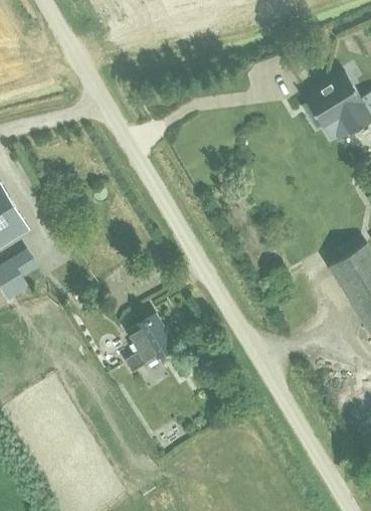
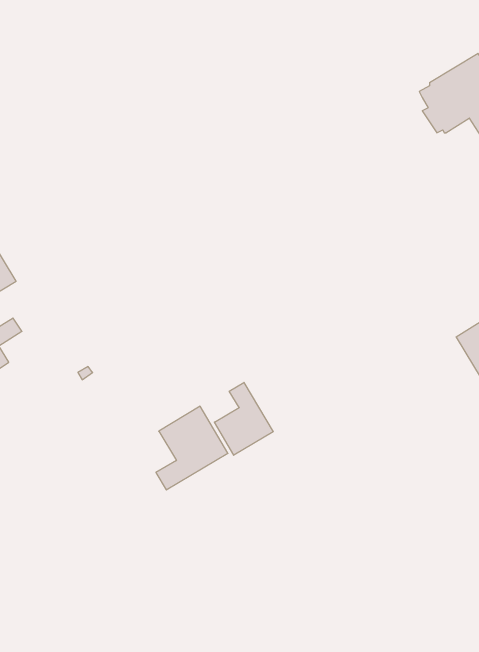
building: none -> [214,382,273,455]

